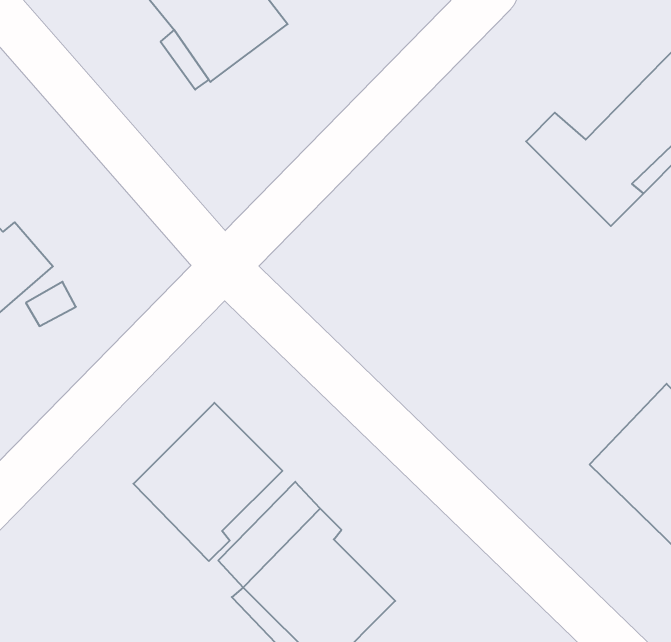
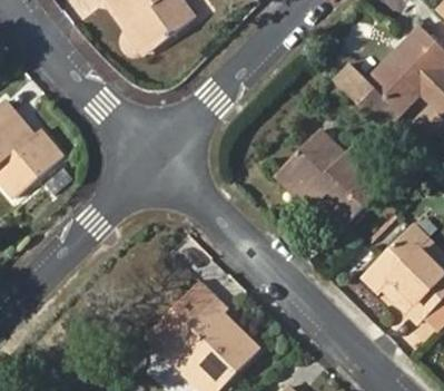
building: none -> [283,130,386,227]
building: [133,403,282,561] -> none

